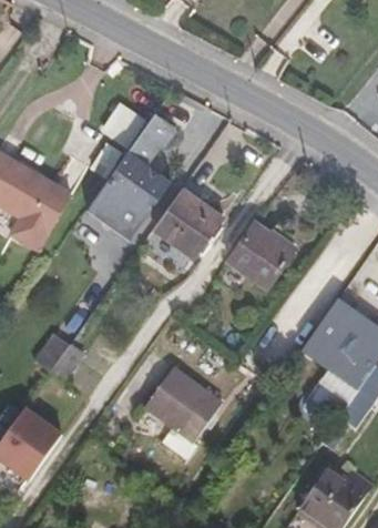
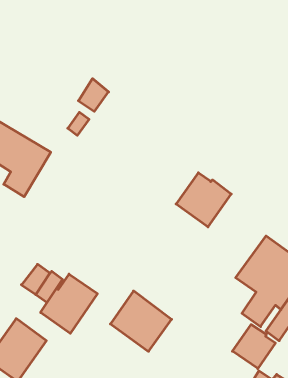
building: [86,111,175,237] -> none
building: [153,184,224,257] -> none
building: none -> [41,274,97,333]
building: none -> [232,325,275,369]

